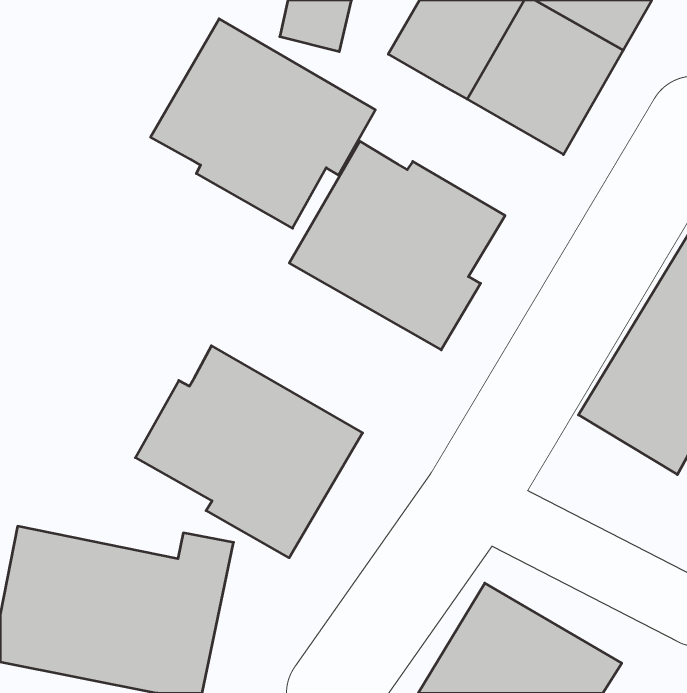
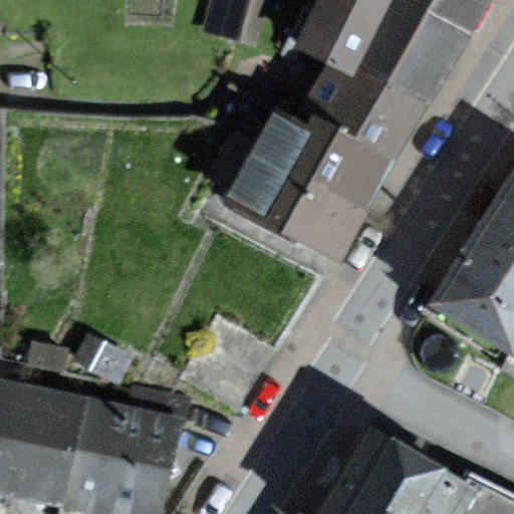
building: [151,19,375,228] -> none
building: none -> [299,63,422,160]
building: [135,346,363,558] -> none

